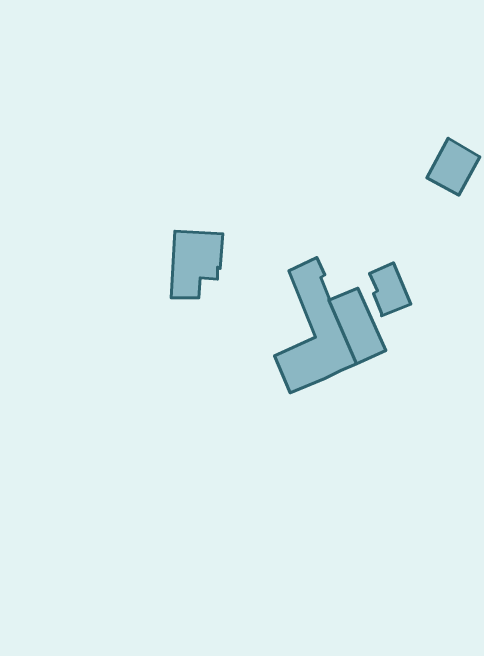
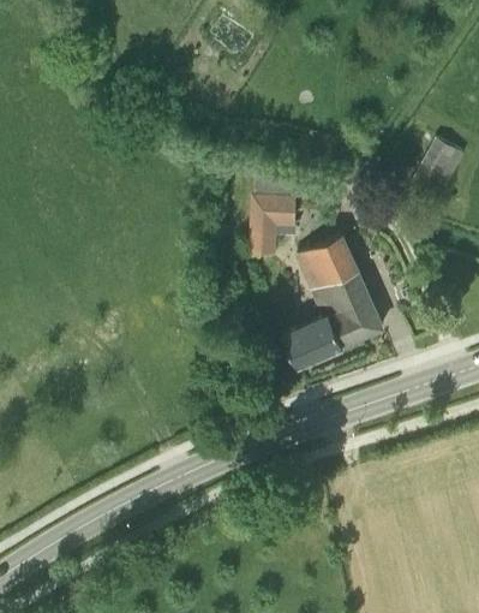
building: [171,231,223,298] -> [249,195,295,255]
building: [370,263,411,316] -> [319,233,357,281]

